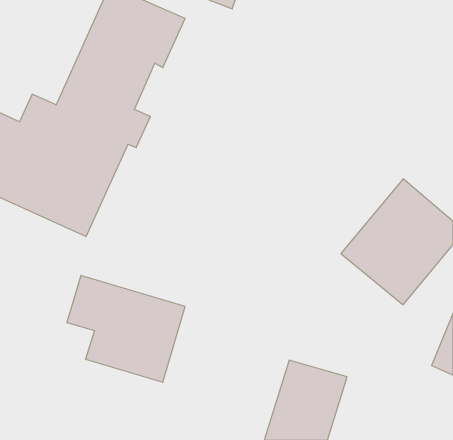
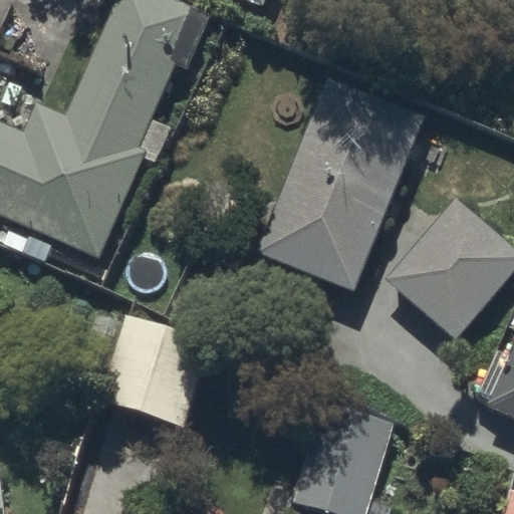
building: none -> [254,84,421,299]

